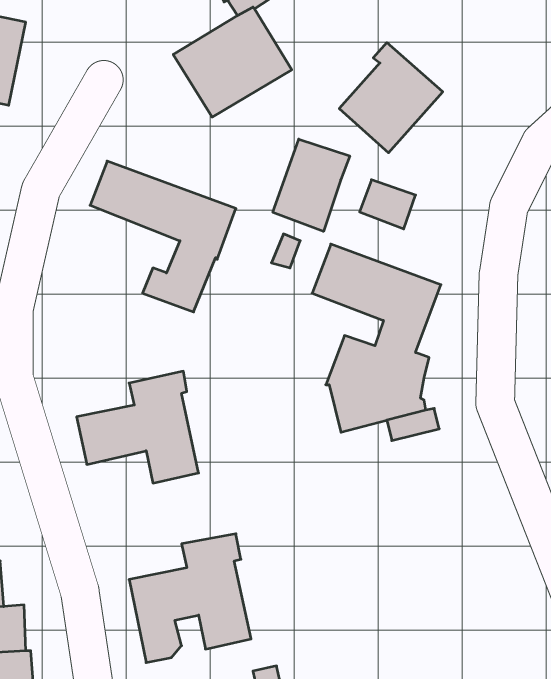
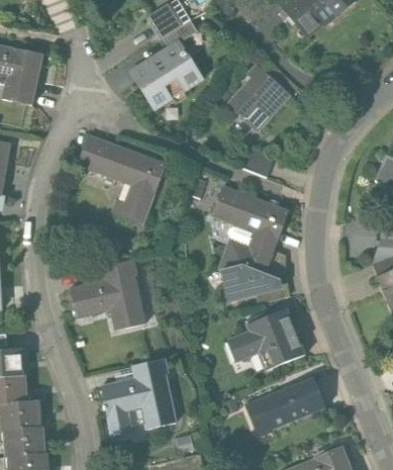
building: [273,139,350,231] -> none
building: none -> [227,309,302,369]
building: none -> [242,378,323,434]

